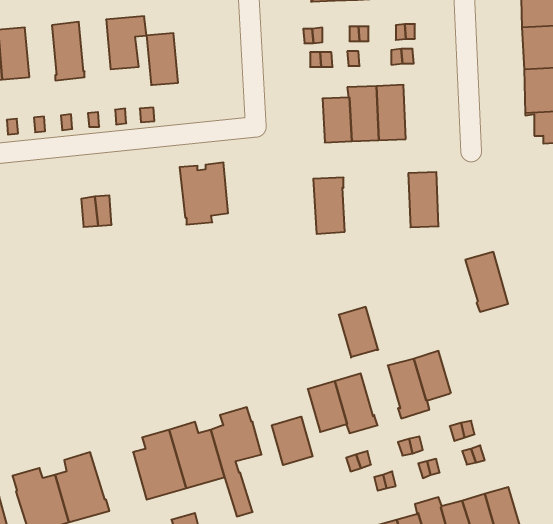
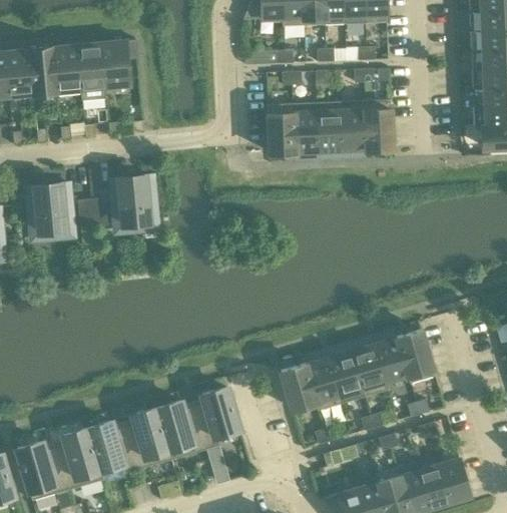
building: none -> [29,47,57,93]
building: [147,33,178,85] -> [77,42,105,88]
building: [180,163,228,225] -> [112,174,155,229]
building: [408,172,439,227] -> [366,99,393,148]
building: none -> [29,182,72,236]
building: [313,178,345,234] -> [268,103,296,153]
building: [465,252,508,312] -> [397,330,435,383]
building: [339,307,378,358] -> [328,350,363,395]
building: [272,417,313,465] -> none
building: none -> [87,420,137,473]

